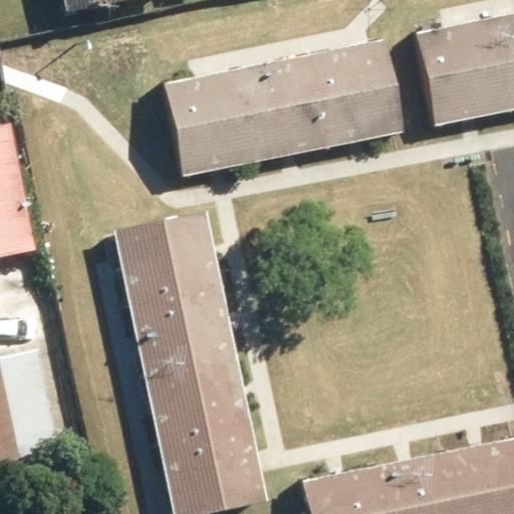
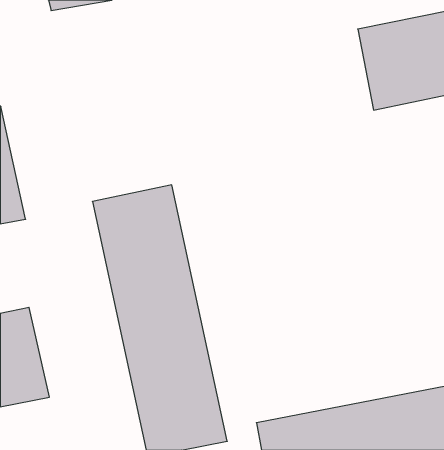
building: [166,42,401,176] -> none

